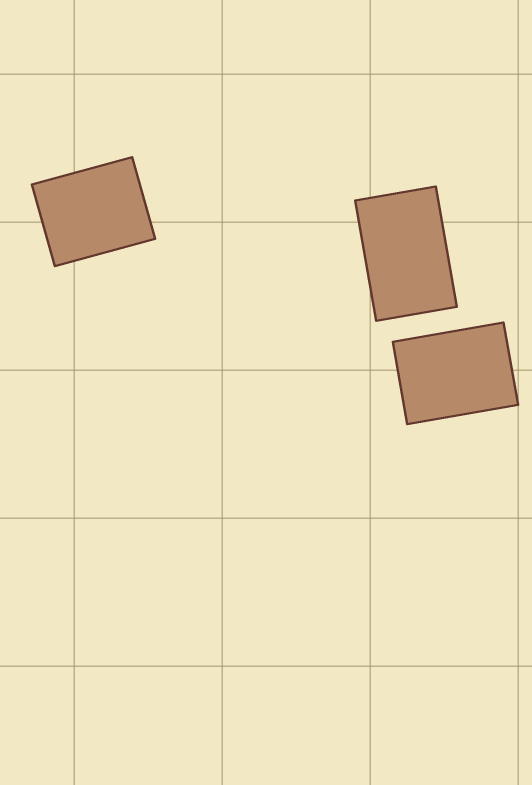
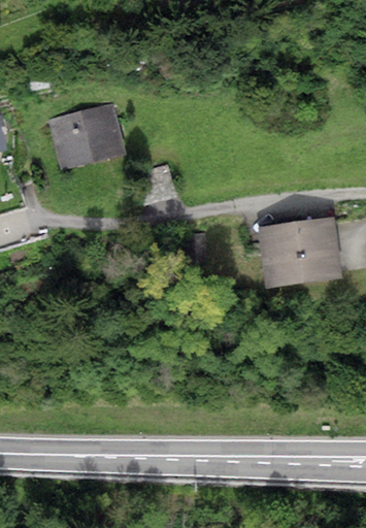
building: [355,187,457,321] -> none

